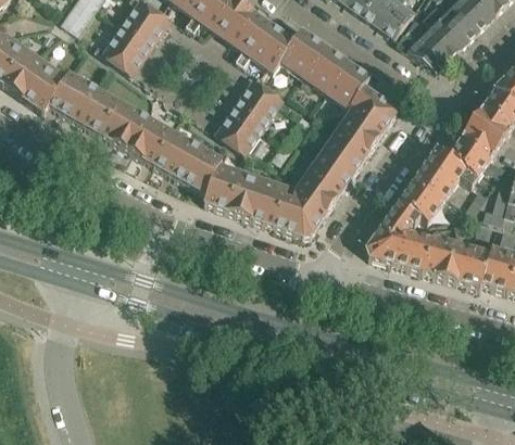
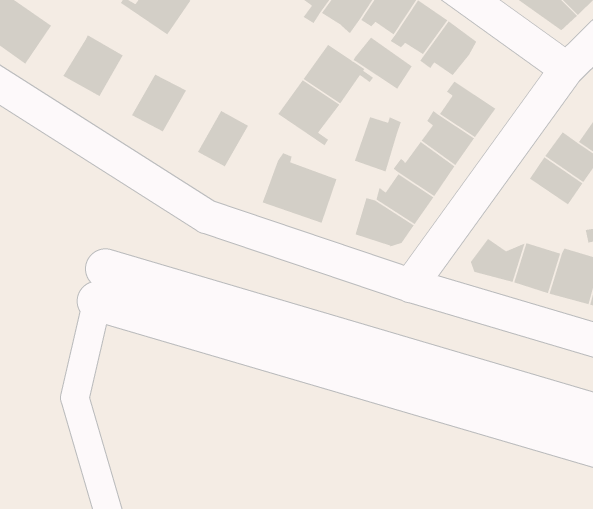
building: [21,65,66,112] -> none
building: [78,88,121,135] -> none
building: [350,88,397,129] -> [352,37,413,90]
building: [127,115,172,163] -> none
building: [175,142,222,193] -> none
building: [250,183,287,227] -> [354,116,402,173]
building: [378,183,440,239] -> none

